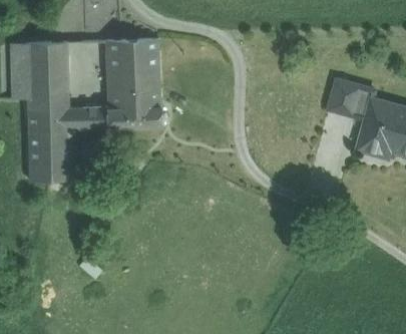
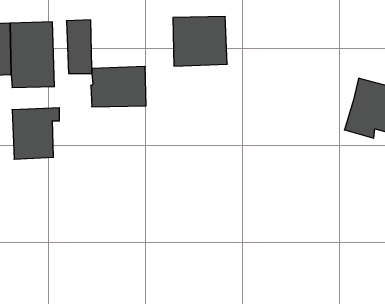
building: [106,39,160,88] -> [173,17,227,66]
building: [331,80,377,119] -> none
building: [28,105,107,129] -> none

